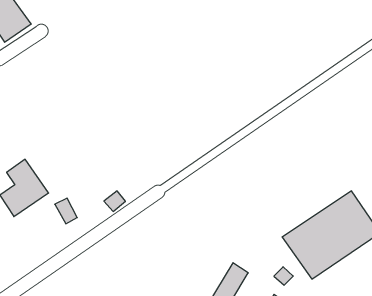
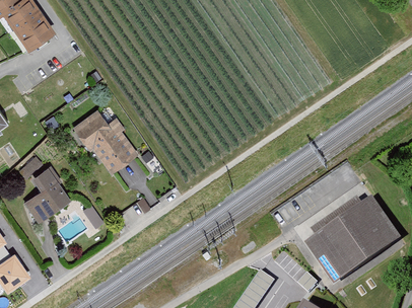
building: none -> [76,106,137,173]

